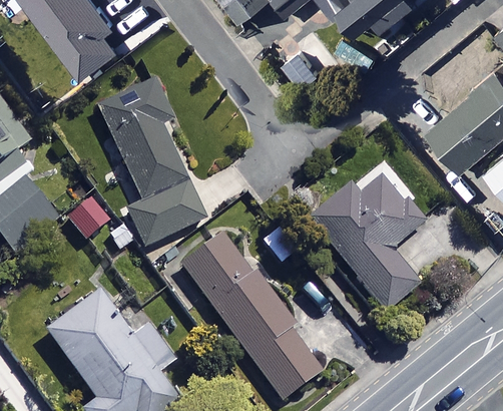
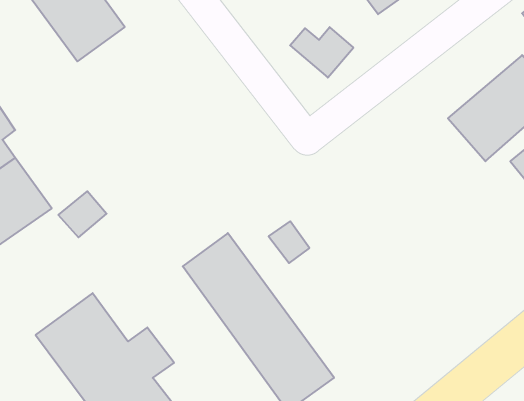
building: [97,78,206,248] -> none
building: [310,175,422,310] -> none

